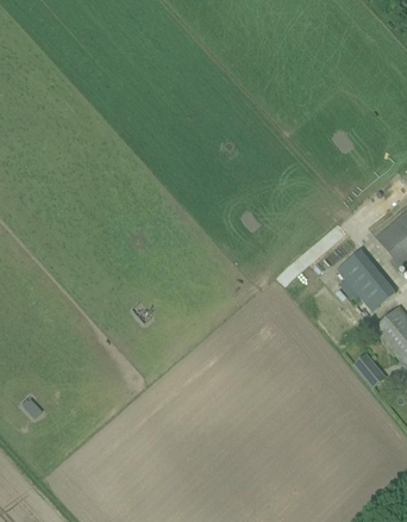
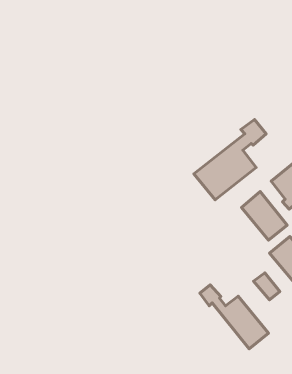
building: none -> [194,119,266,200]
building: none -> [200,285,268,349]

